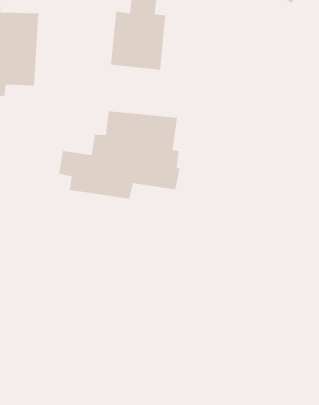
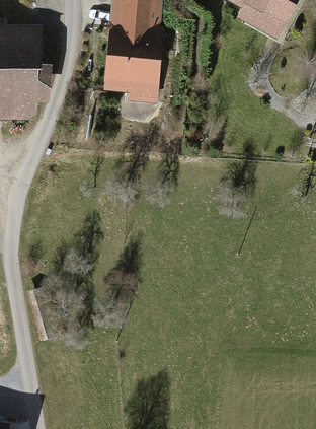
building: [58,110,180,200] -> none

